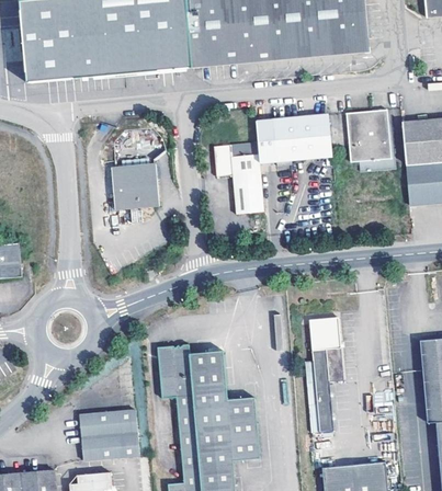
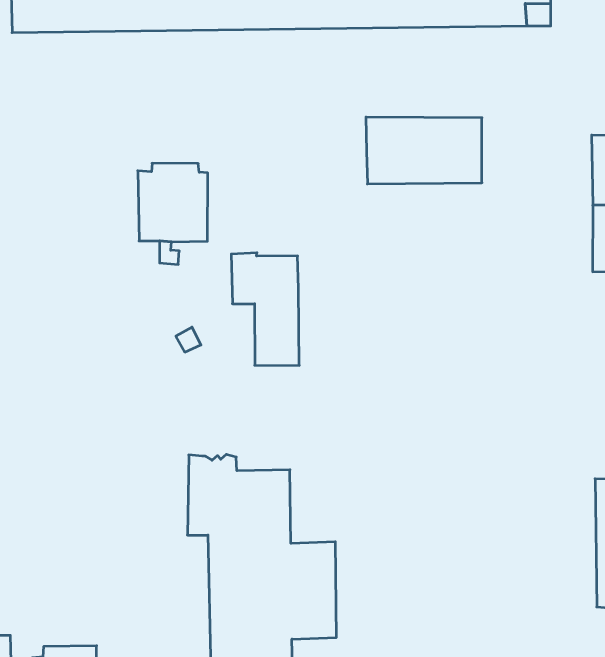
building: [345,109,390,161] -> none
building: [214,141,263,214] -> [231,253,299,365]
building: [305,317,344,452] -> none
building: [78,408,138,461] -> none

